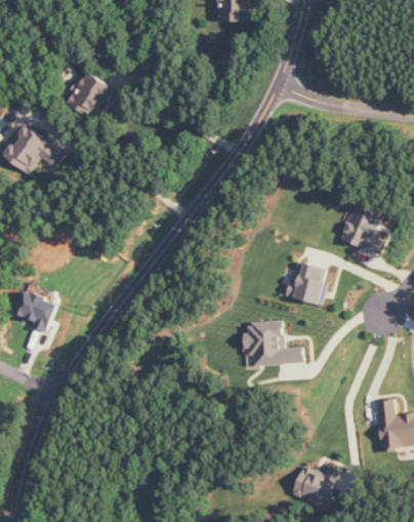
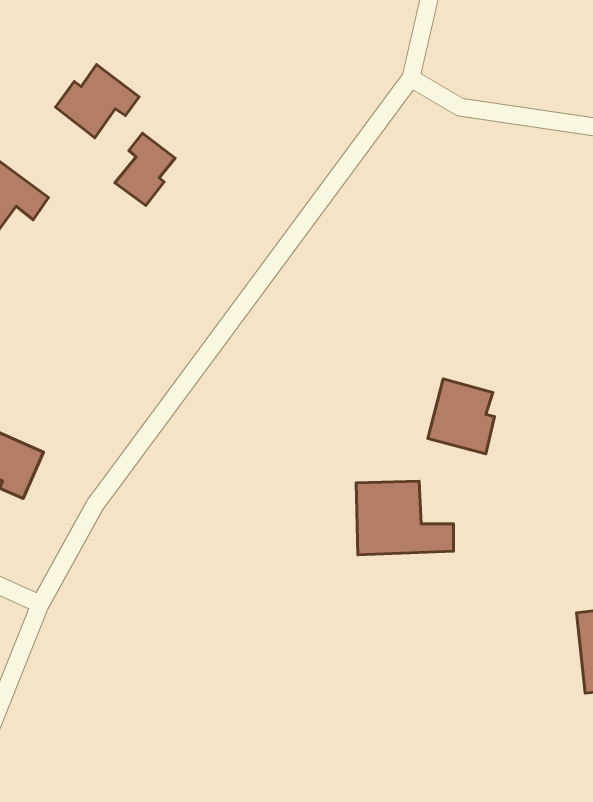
building: none -> [115,133,175,206]
building: [340,205,381,254] -> none
building: [292,465,343,508] -> none

